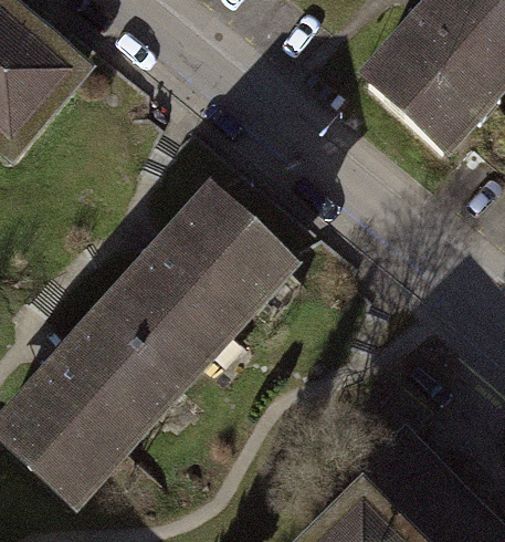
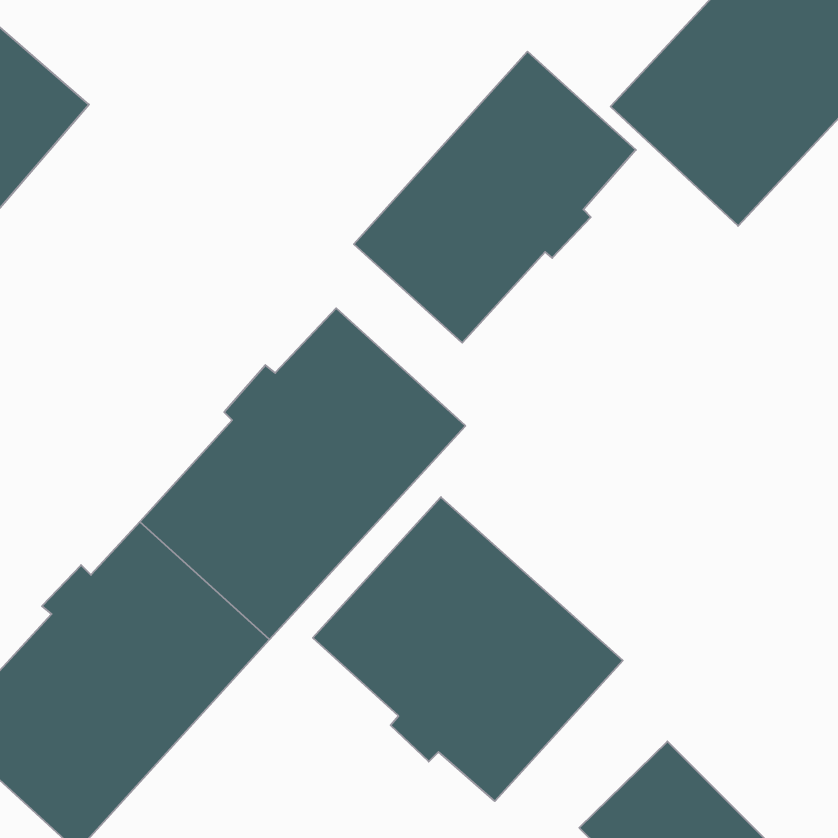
building: none -> [354,52,636,343]
building: none -> [313,497,623,801]

